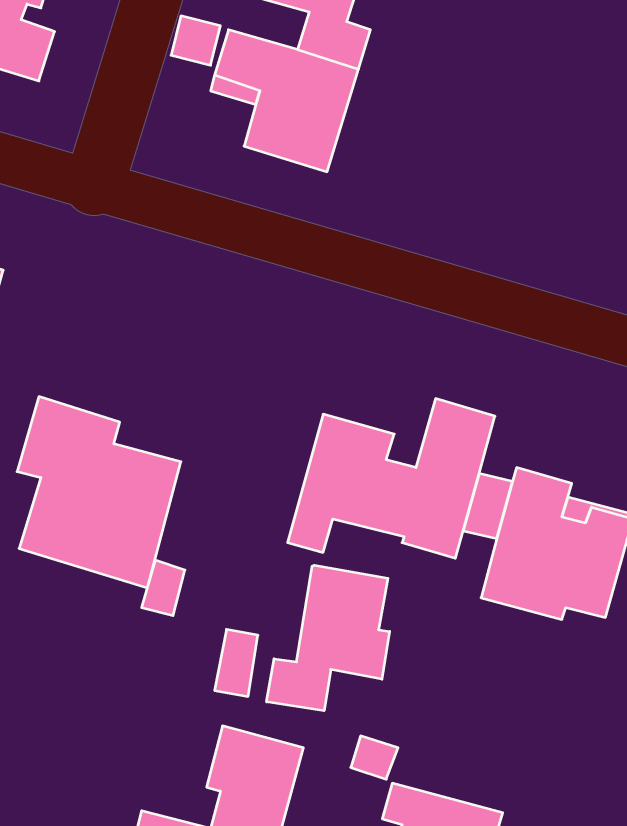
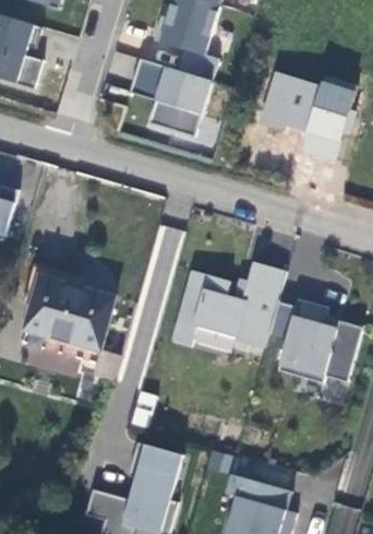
building: none -> [260,69,354,158]
building: [267,565,390,711] -> none

